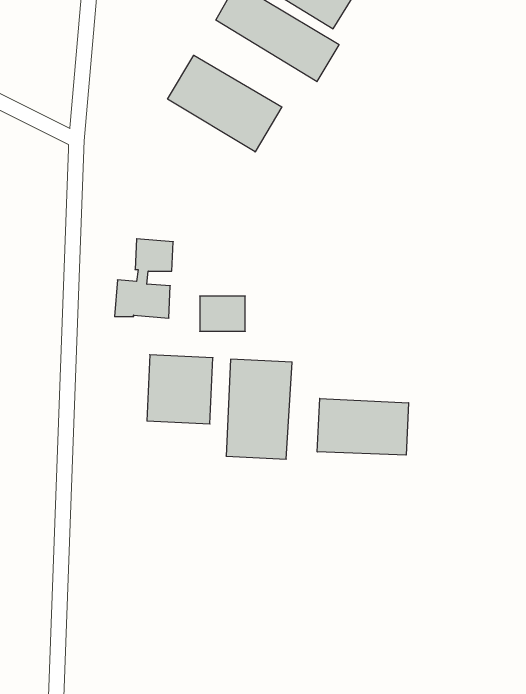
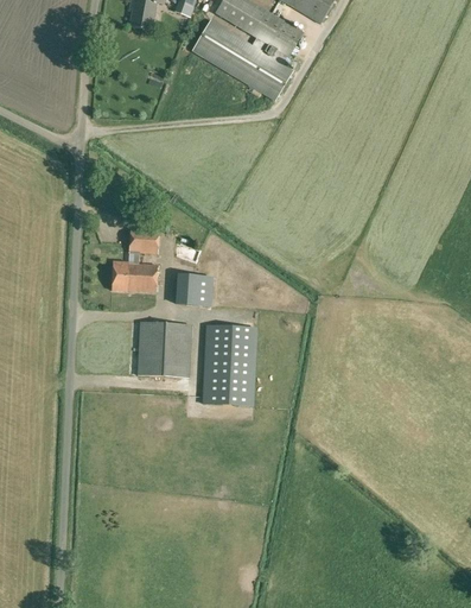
building: [168,55,282,152] -> none
building: [317,398,409,455] -> none

